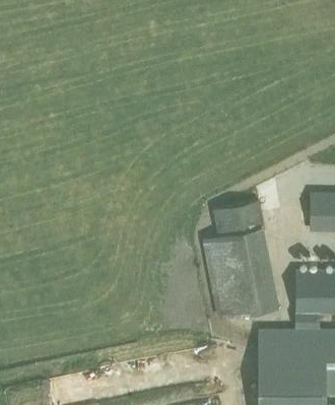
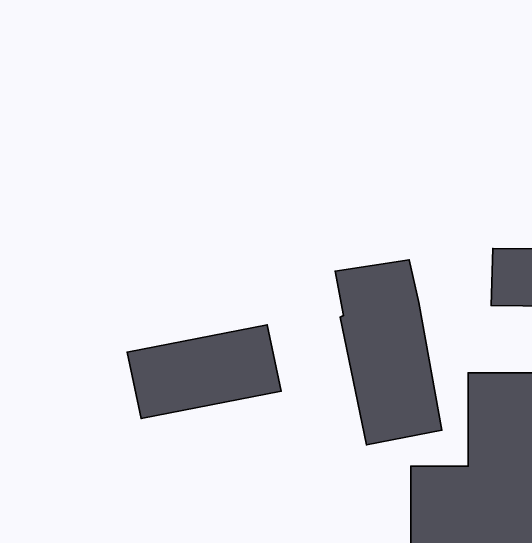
building: none -> [127,325,281,418]

